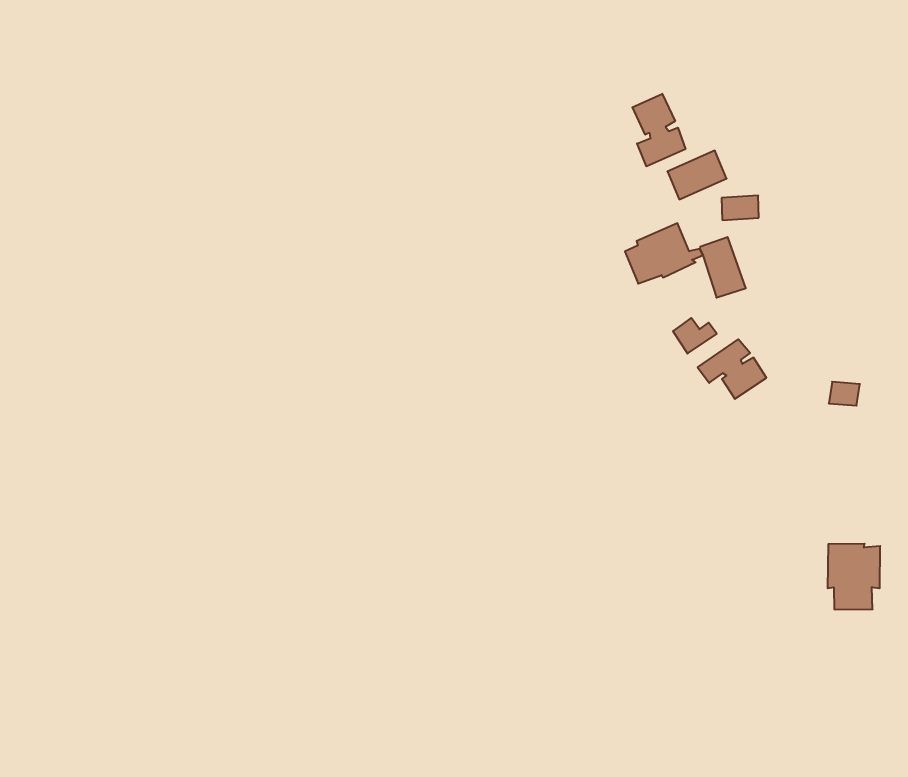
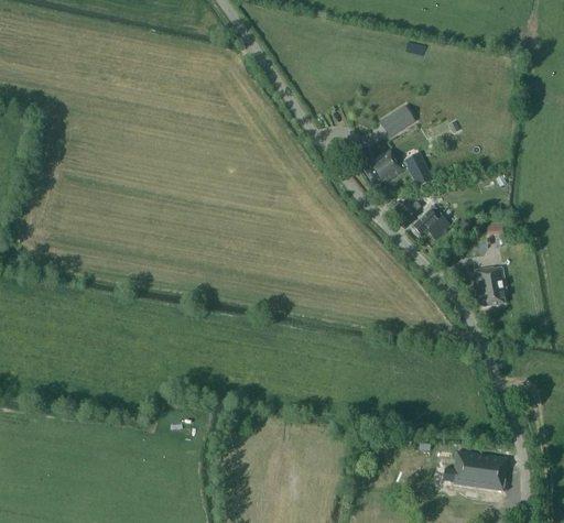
building: [632,94,685,166] -> none
building: [828,544,880,609] -> [474,268,506,306]

